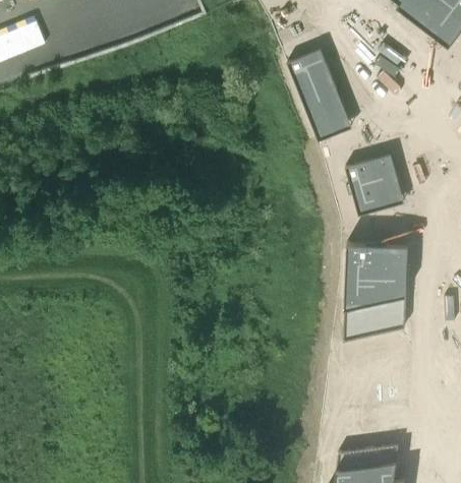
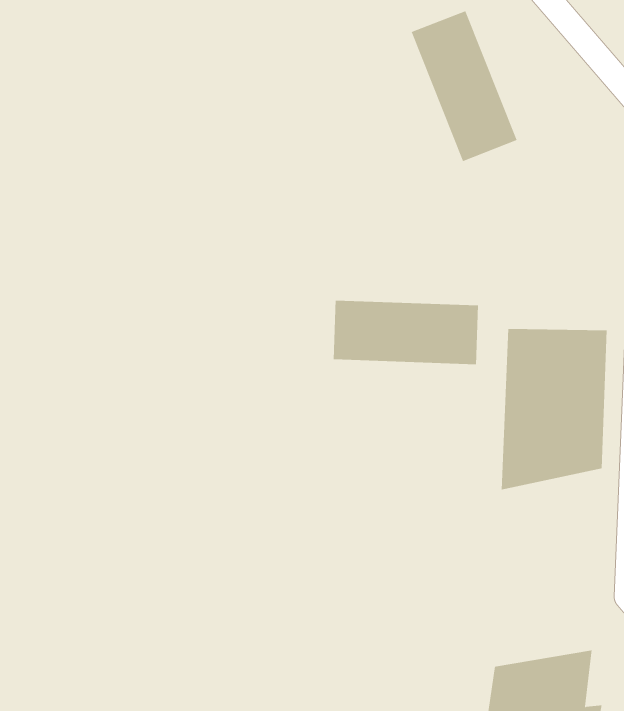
building: [345,152,405,214] -> none
building: none -> [333,300,478,365]

